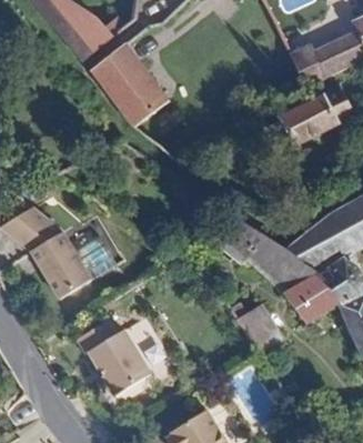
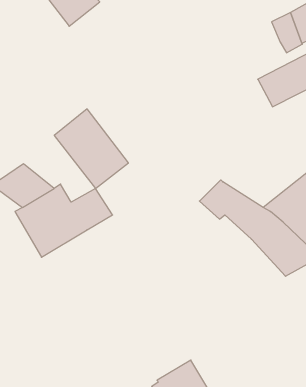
building: [90,41,168,124] -> [54,109,128,188]
building: [238,306,282,351] -> none
building: [77,320,148,394] -> none

